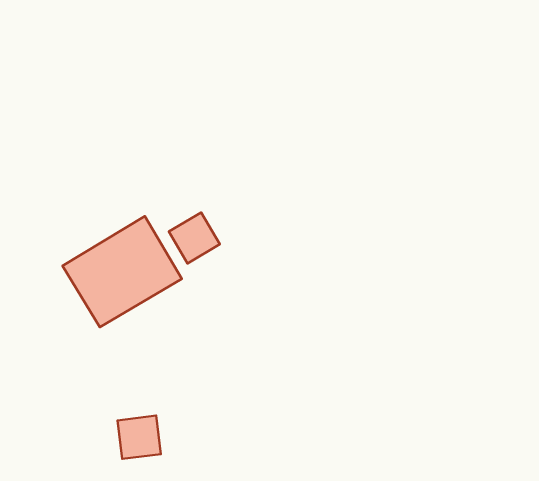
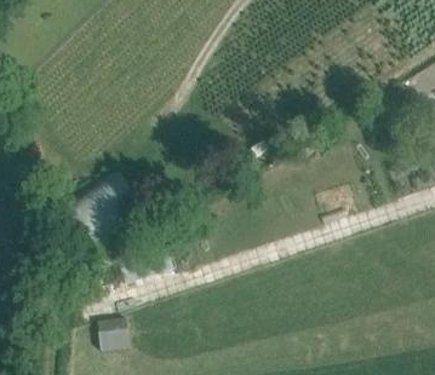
building: [169,213,220,263] -> none

